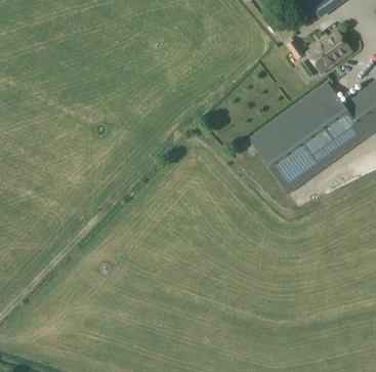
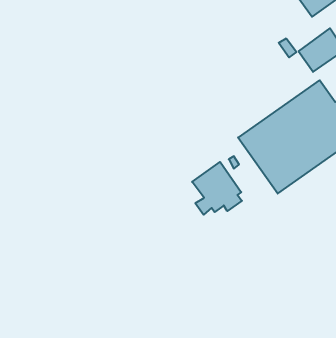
building: none -> [192,162,242,215]

